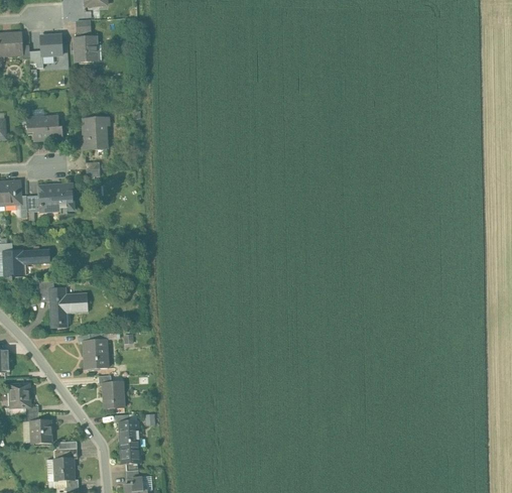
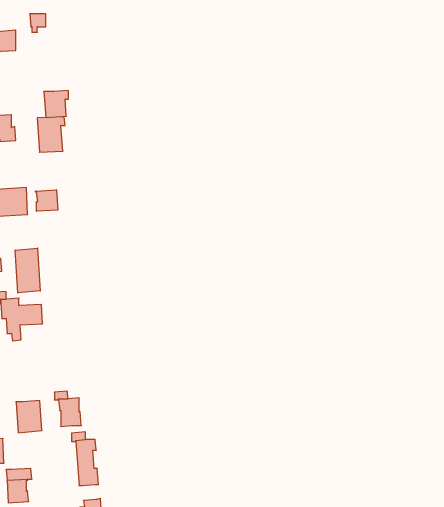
building: [74,36,97,61] -> [44,91,68,117]
building: none -> [35,190,58,211]
building: none -> [15,248,40,293]
building: [84,339,108,369] -> [16,401,42,433]

